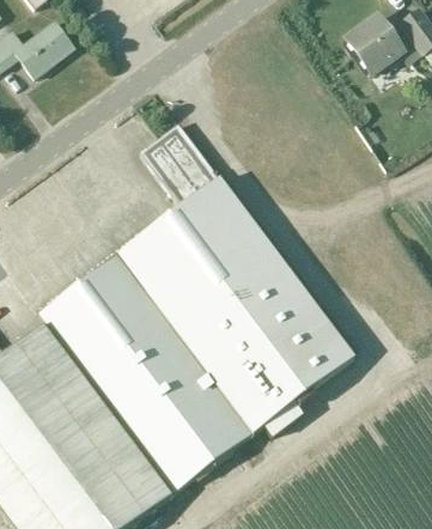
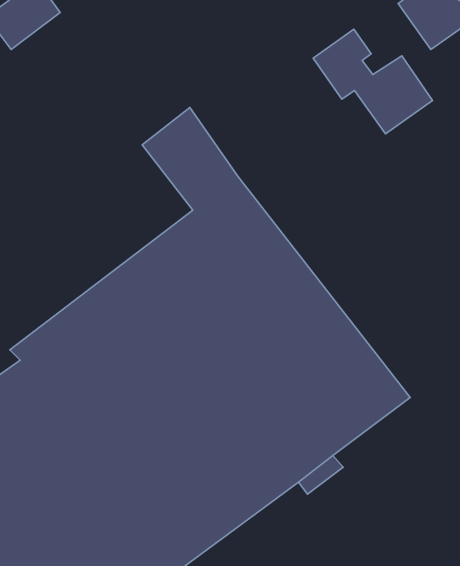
building: none -> [313,29,433,134]

